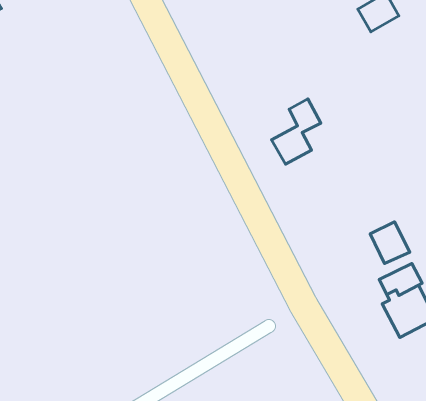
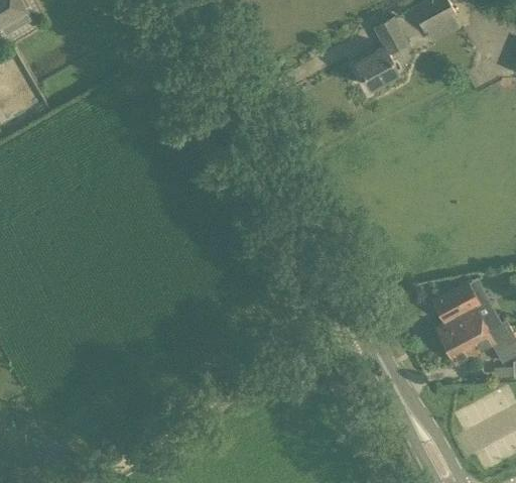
building: [271,99,321,164] -> [356,19,409,90]
building: [370,222,410,263] -> none

